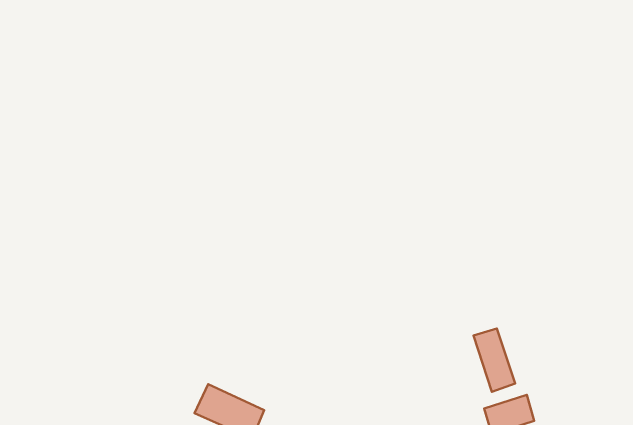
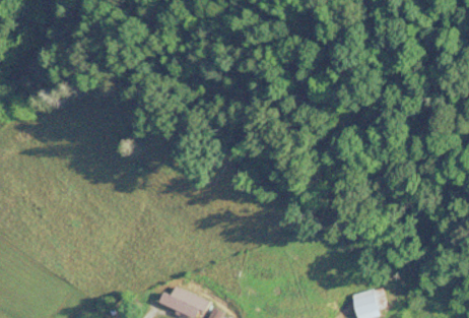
building: [474,329,515,392] -> none

